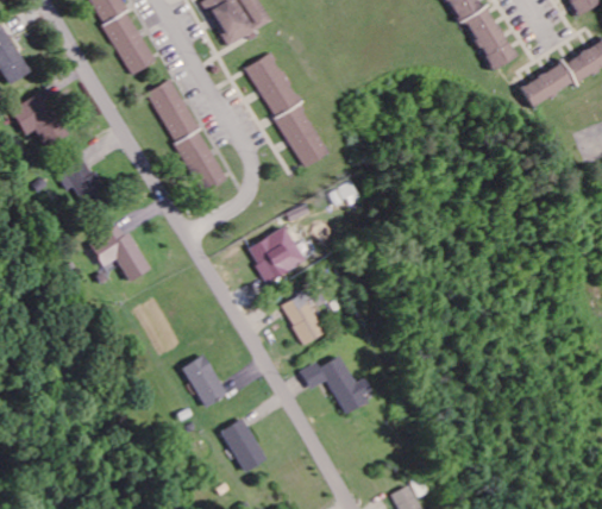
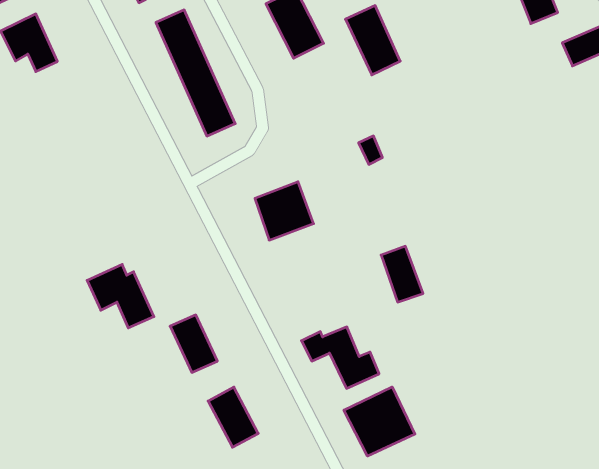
building: [276,106,328,169] -> [345,6,400,75]
building: [59,158,104,207] -> none
building: [87,226,150,283] -> [87,264,154,328]
building: [283,295,324,346] -> [381,246,423,302]
building: none -> [344,387,415,456]

